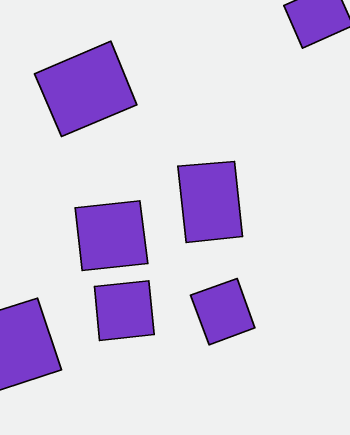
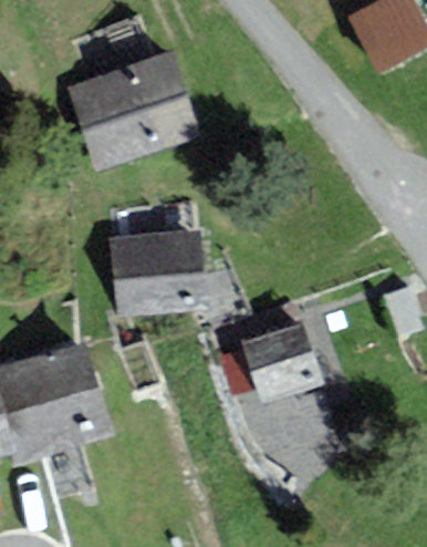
building: [178,161,243,242] -> none
building: [95,281,154,340] -> none

